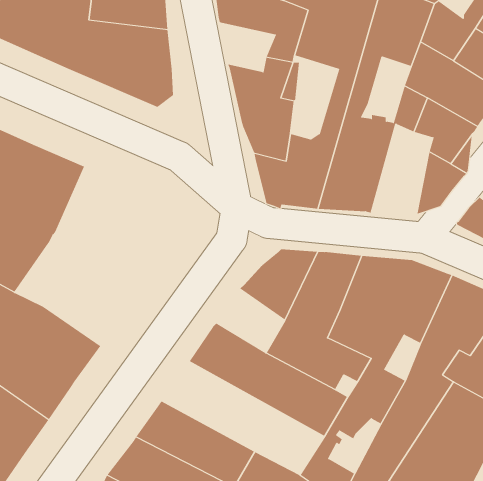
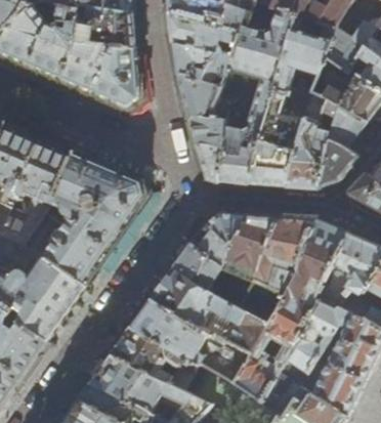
building: none -> [172,44,214,81]
building: none -> [286,120,332,188]
building: none -> [19,152,146,286]
building: none -> [170,243,221,291]
building: none -> [129,297,251,382]

